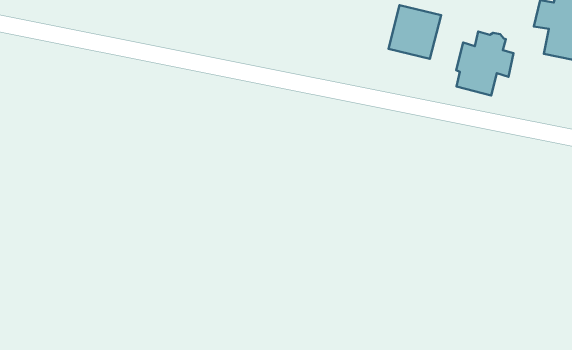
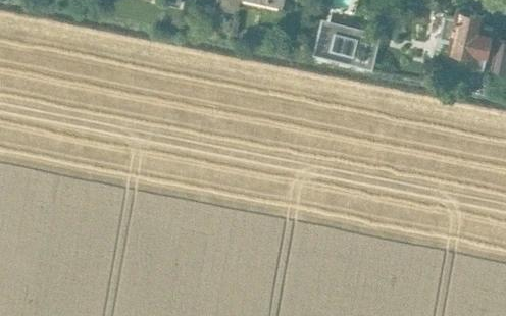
building: [456,32,514,95] -> none

